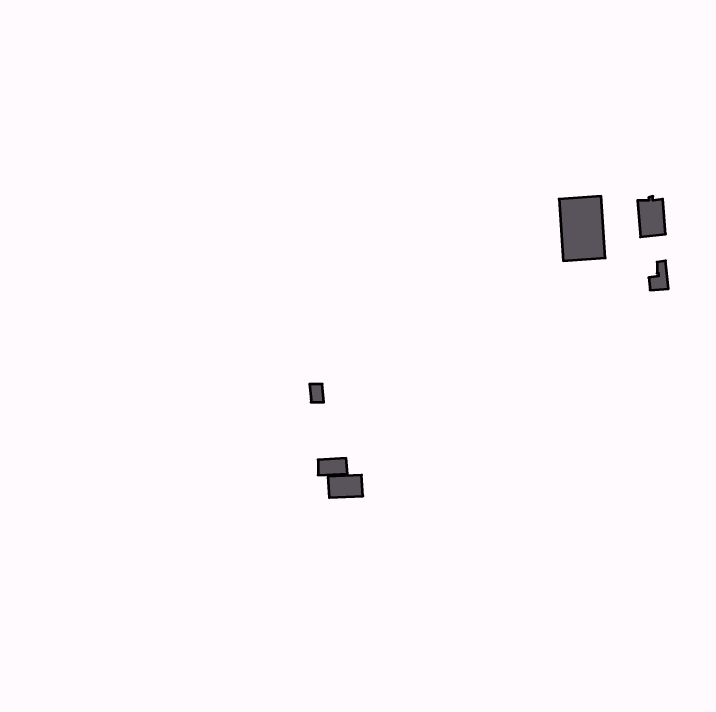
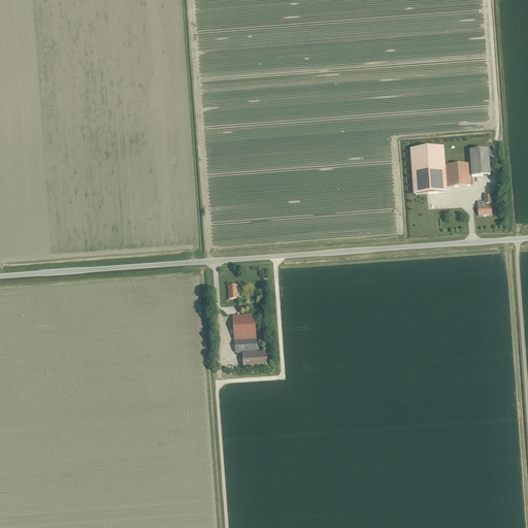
building: none -> [446,161,471,184]
building: none -> [233,312,255,338]

